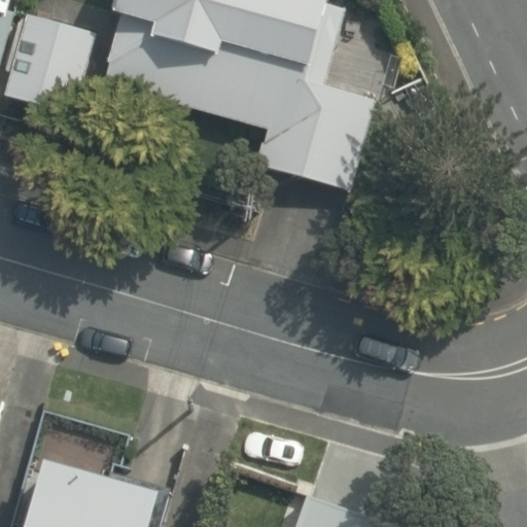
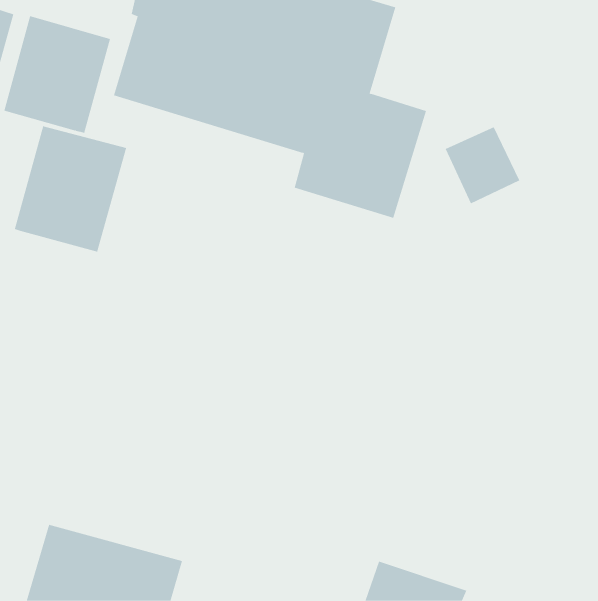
building: none -> [14,126,127,253]

